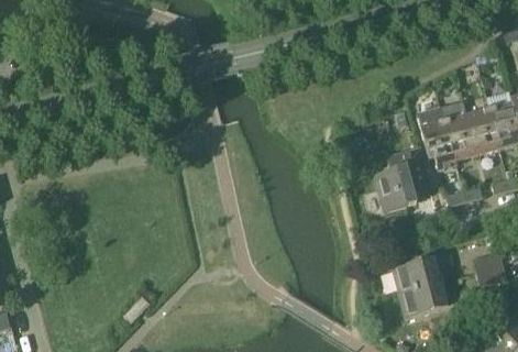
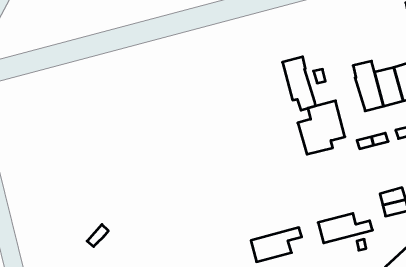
building: [416,104,455,168] -> [282,57,316,110]
building: [392,251,452,292] -> [251,228,302,262]

